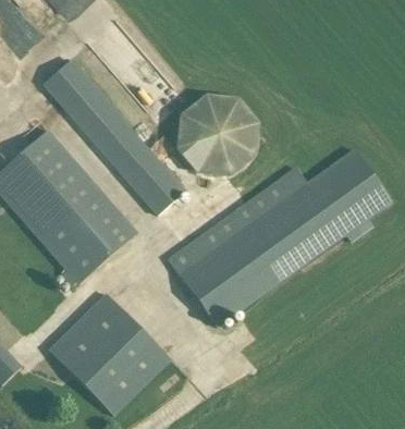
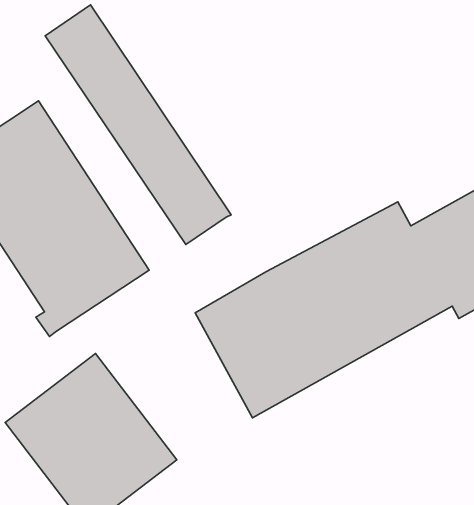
building: [177,94,260,176] -> none

